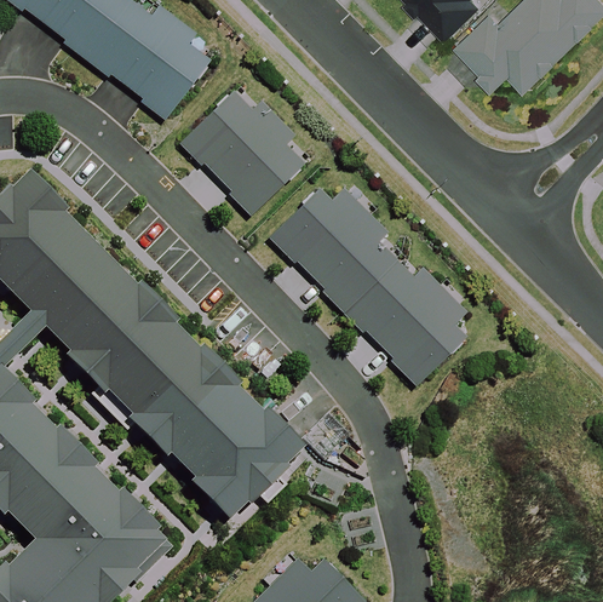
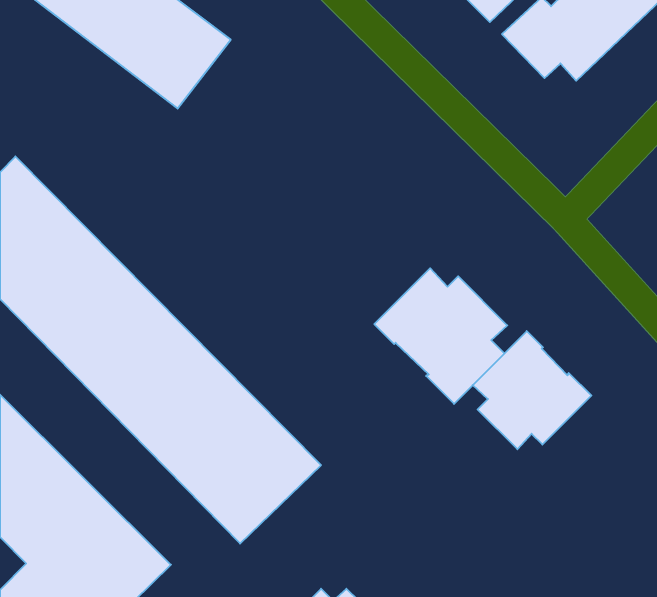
building: [180,93,303,216] -> none
building: [271,190,396,313] -> none
building: none -> [473,331,591,449]

